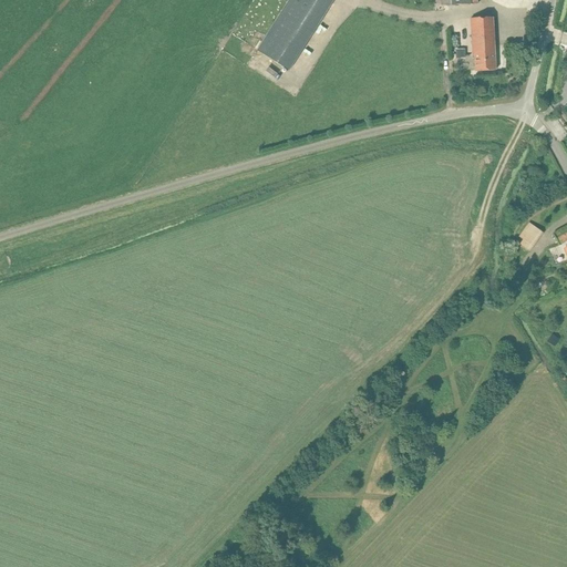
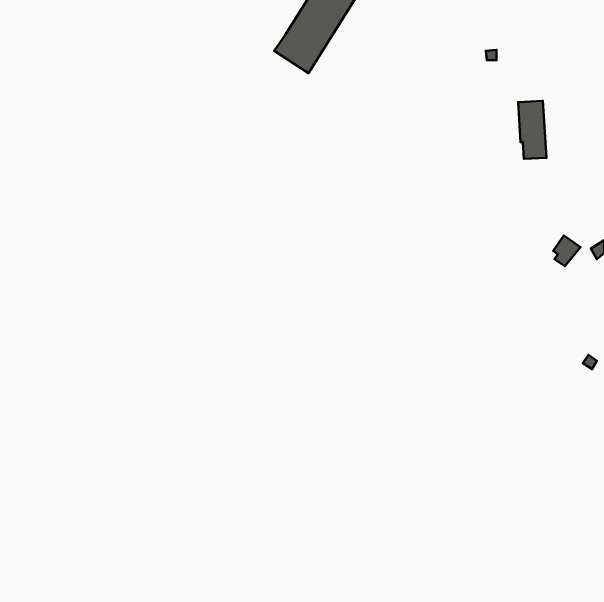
building: [470,16,496,70] -> [518,101,546,159]

